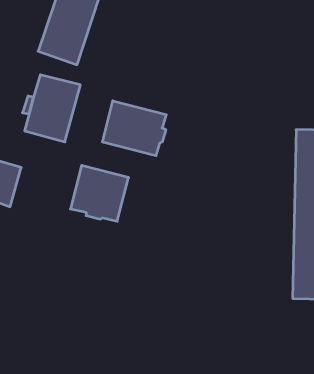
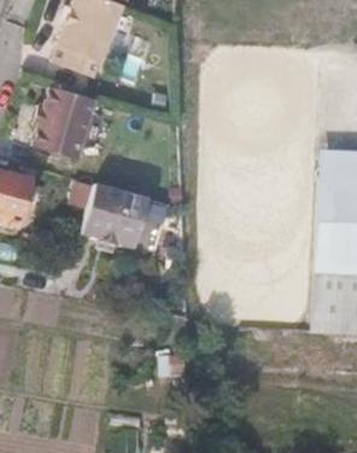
building: [102,101,166,156] -> none

